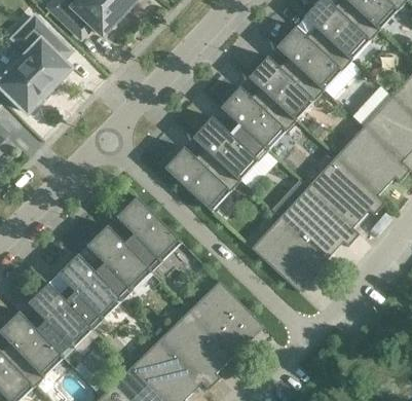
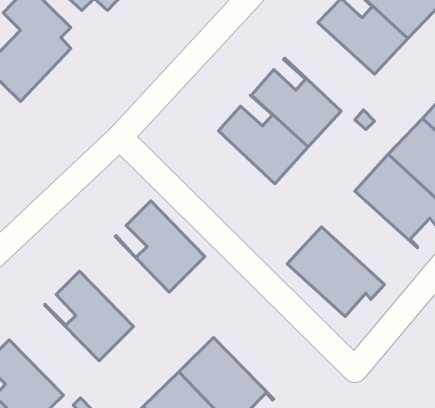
building: [248,46,323,120] -> none
building: [163,137,239,212] -> none
building: [278,187,359,265] -> none
building: [76,225,151,300] -> none
building: [188,281,264,361] -> none
building: [17,283,92,358] -> none

